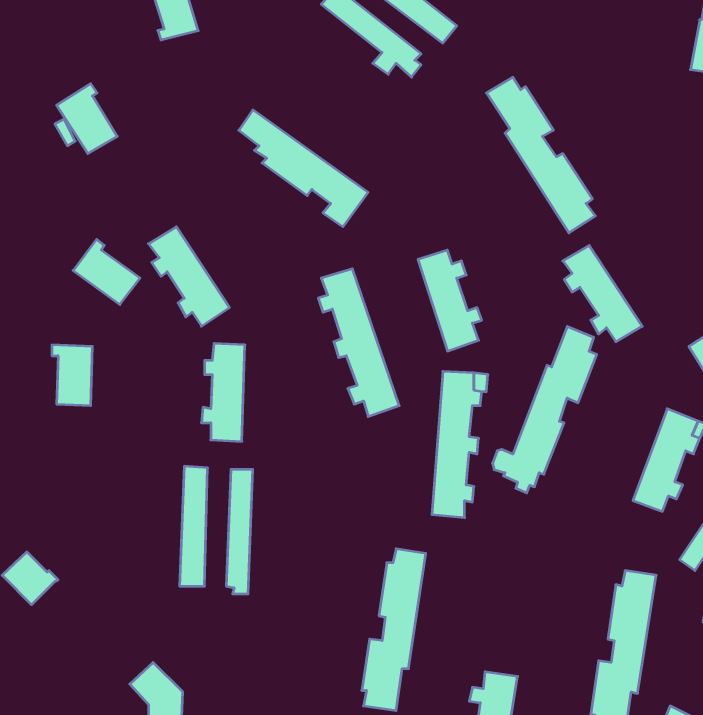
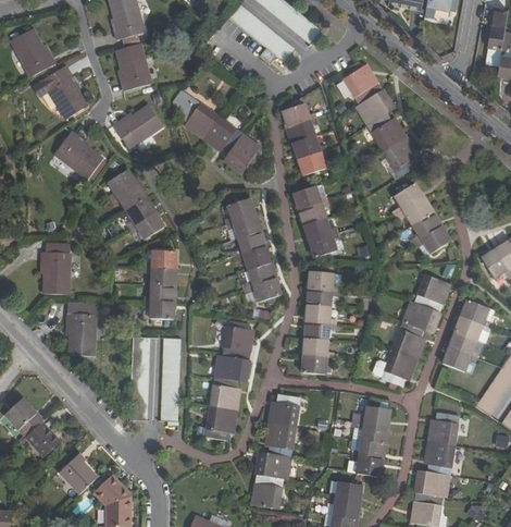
building: none -> [10,29,53,76]
building: none -> [115,44,149,89]
building: none -> [282,102,327,173]
building: none -> [112,105,161,147]
building: [73,239,140,305] -> [55,132,102,177]
building: [492,326,597,493] -> [374,273,447,390]
building: none -> [66,302,95,356]
building: none -> [205,327,250,441]
building: none -> [354,405,391,476]
building: none -> [25,418,61,454]
building: none -> [60,453,99,492]

